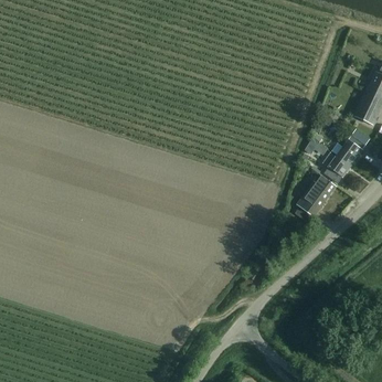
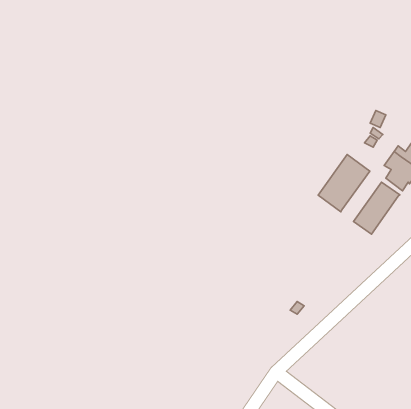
building: none -> [318,155,370,212]

